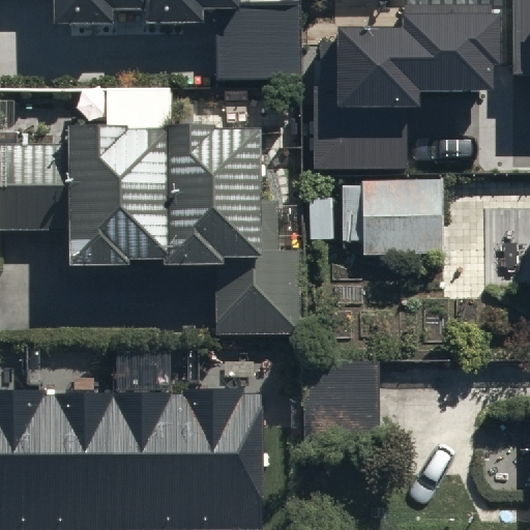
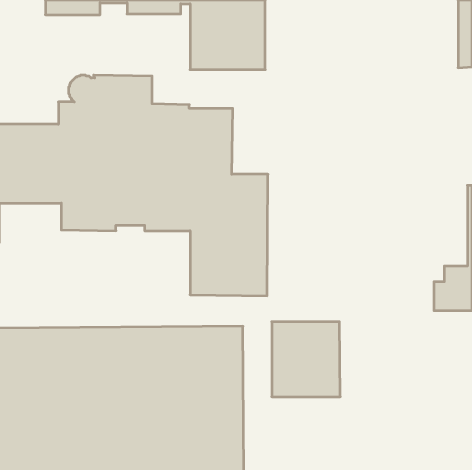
building: [313,14,497,173] -> none
building: [359,180,446,258] -> none

